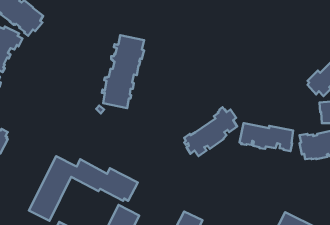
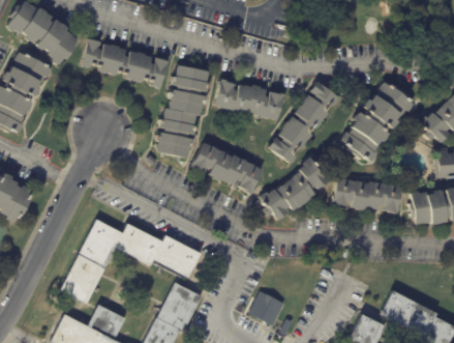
building: none -> [81,36,168,86]
building: none -> [211,77,285,118]
building: none -> [267,80,339,163]
building: none -> [340,82,414,162]
building: none -> [190,142,263,194]

